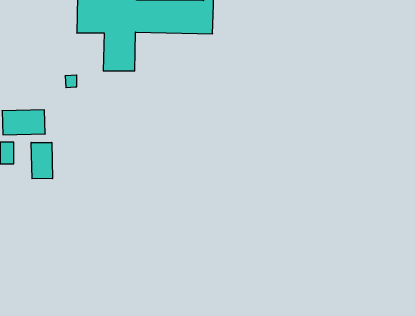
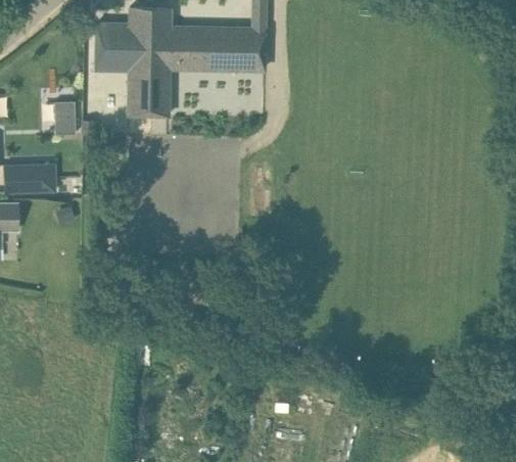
building: none -> [55,102,77,134]
building: [31,142,52,179] -> none

